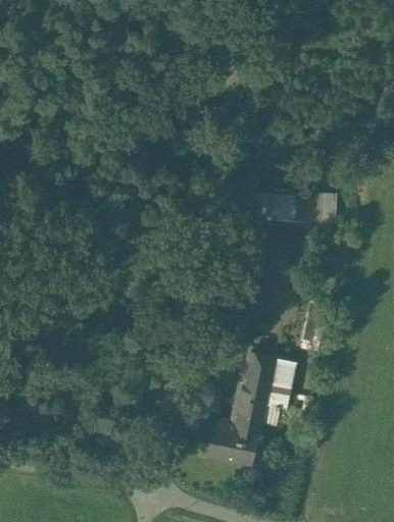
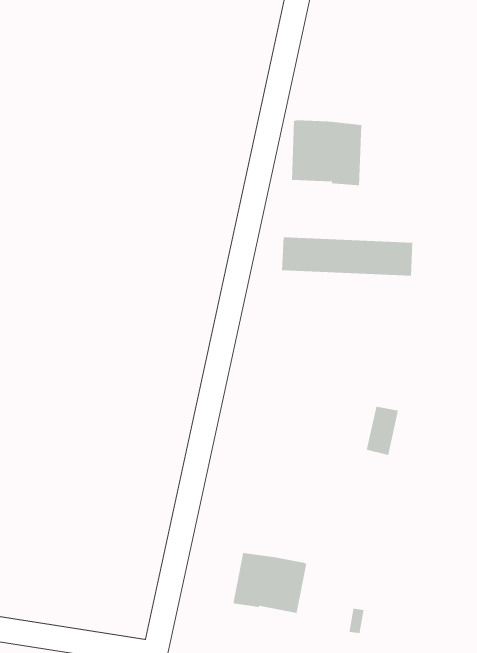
building: none -> [291,120,362,186]
building: [234,352,294,426] -> none

